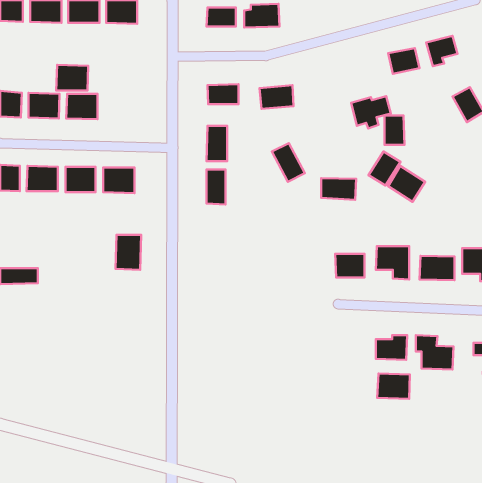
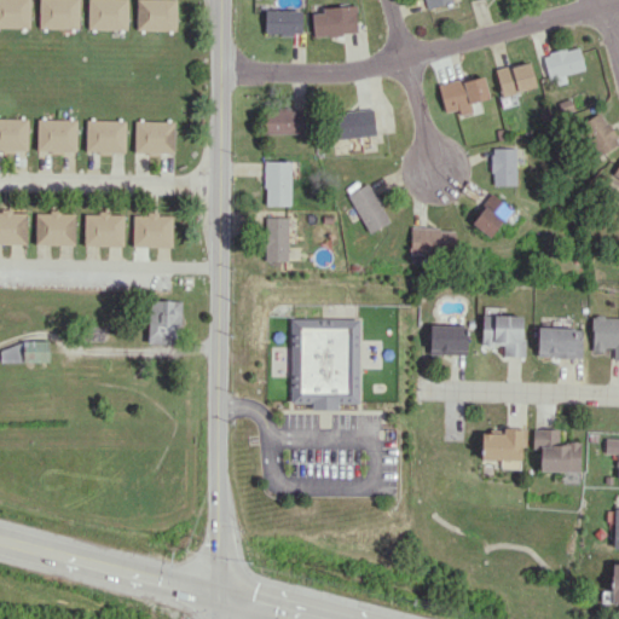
building: [56,65,88,90] -> [135,121,177,154]
building: [351,96,391,129] -> [440,76,491,117]
building: [388,166,425,202] -> none
building: none -> [291,319,360,404]
building: [377,373,410,399] -> none

